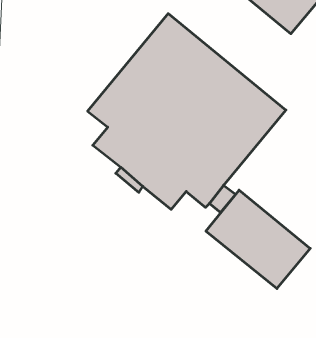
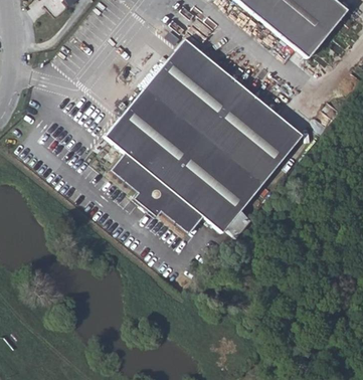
building: [206,190,310,289] -> none

